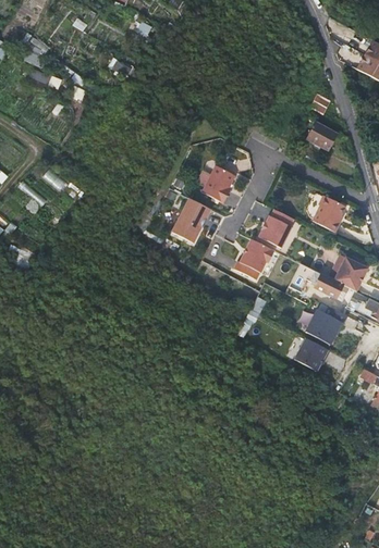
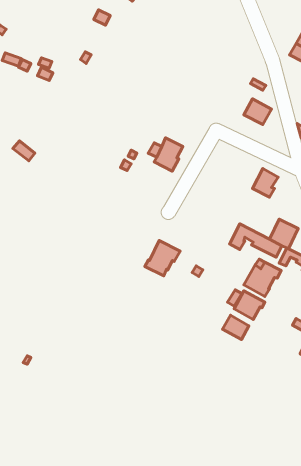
building: [172,198,210,242] -> none
building: [259,209,294,247] -> none
building: [234,238,274,278] -> [145,241,180,276]
building: none -> [223,315,249,340]

